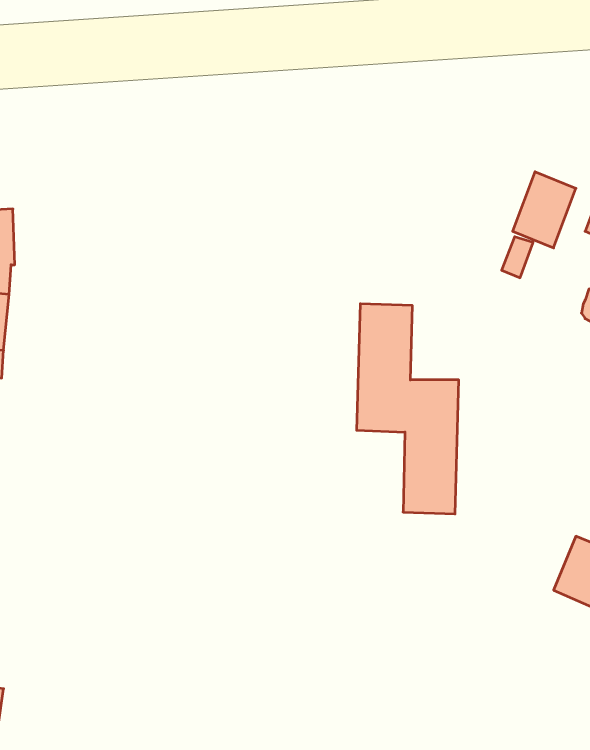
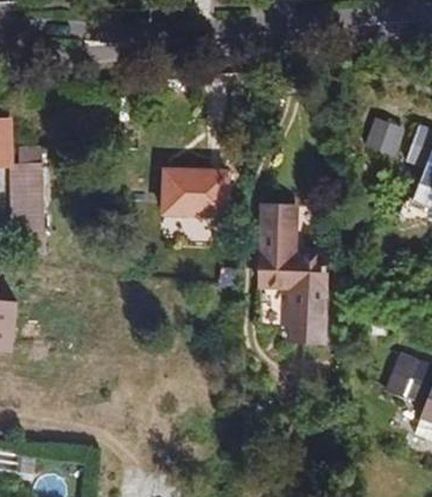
building: none -> [161,168,228,215]

